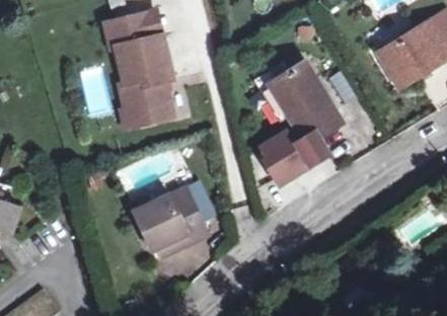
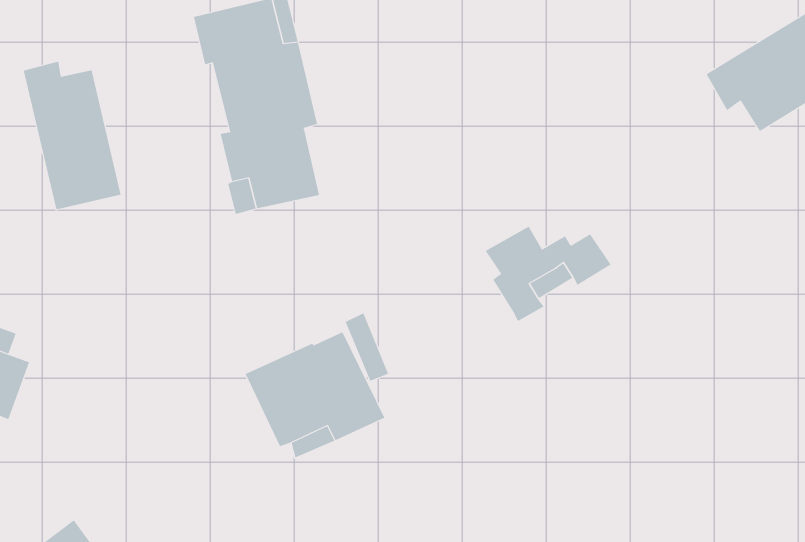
building: none -> [23,61,121,210]
building: [266,61,340,143] -> none

